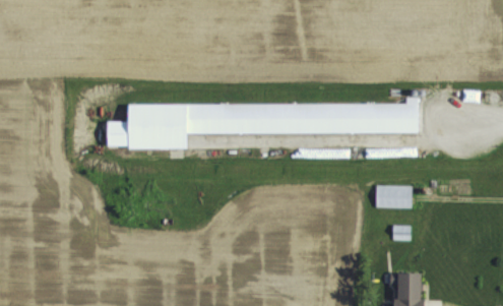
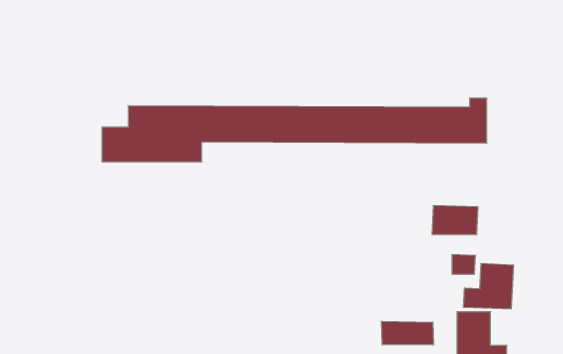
building: none -> [463,263,513,309]
building: none -> [382,321,433,345]

